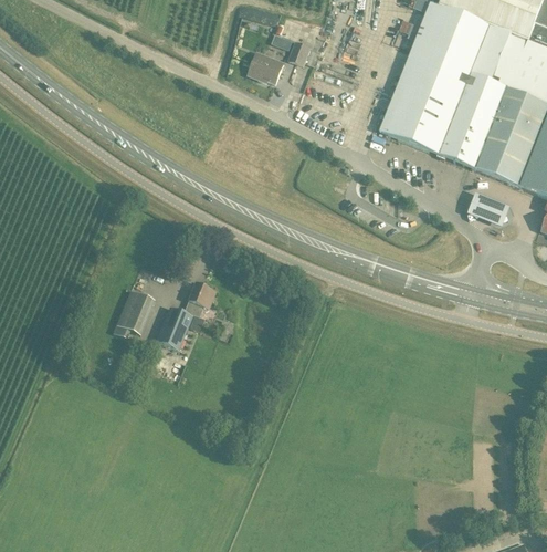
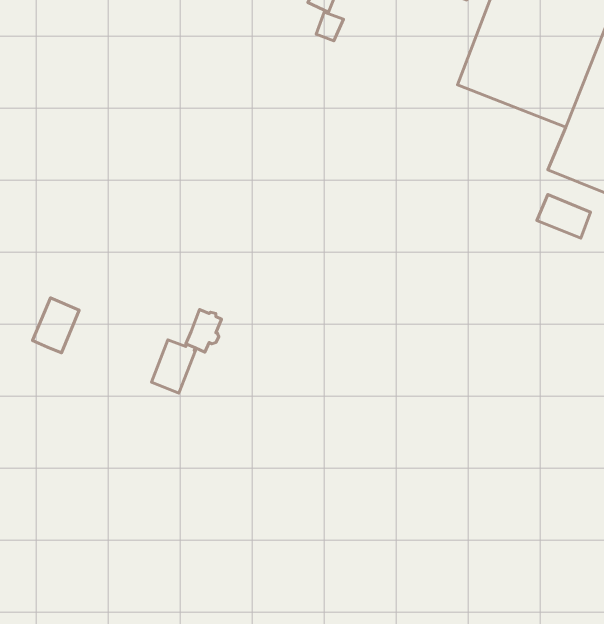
building: [248,51,284,82] -> none
building: [389,100,490,168] -> none
building: [116,289,154,333] -> [33,298,79,353]

